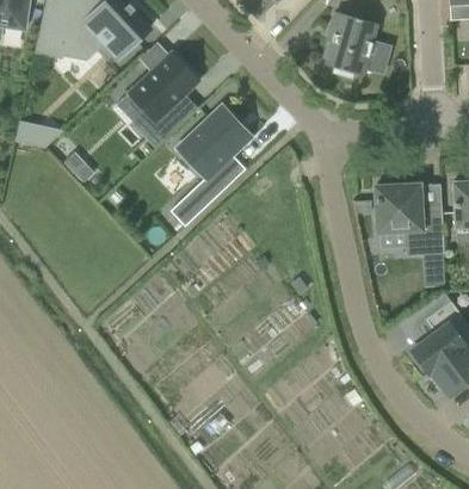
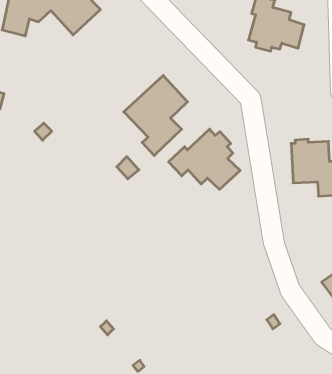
building: [128,52,198,147] -> none
building: none -> [169,129,240,189]

